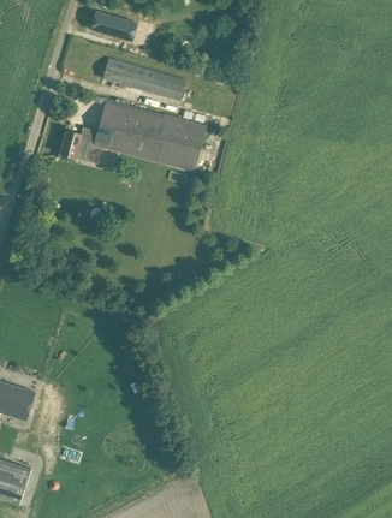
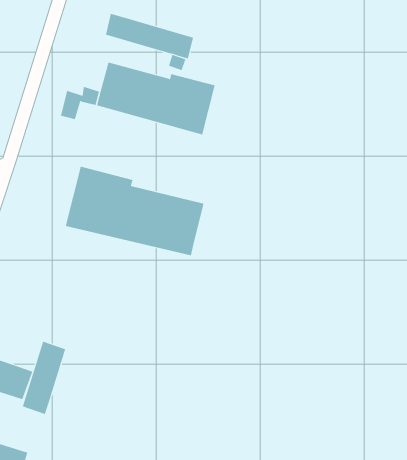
building: none -> [65,166,204,256]
building: none -> [22,341,66,415]

